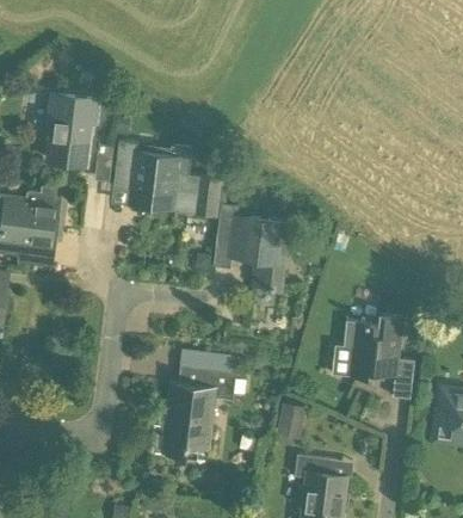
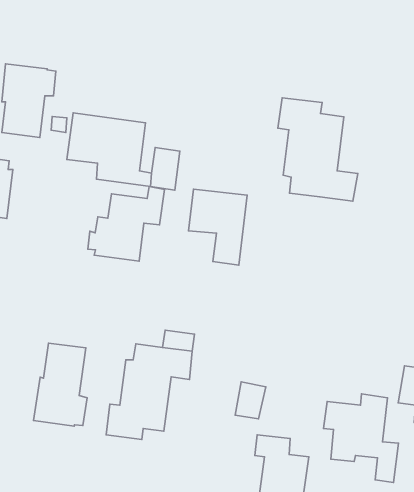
building: none -> [278,98,358,201]
building: none -> [88,186,164,261]
building: [341,314,414,400] -> [324,394,398,482]
building: none -> [33,343,87,426]

